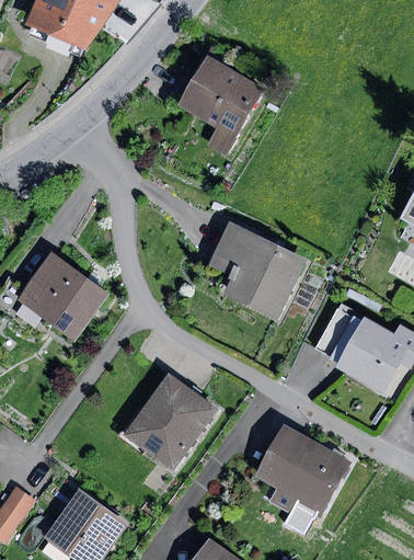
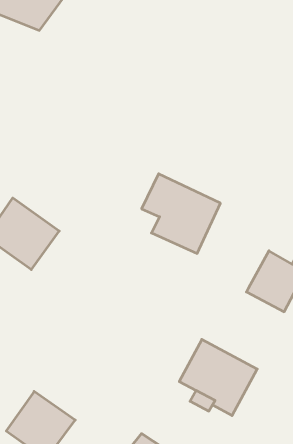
building: [177,55,265,157] -> none
building: [314,304,365,363] -> none
building: [123,373,217,470] -> none

